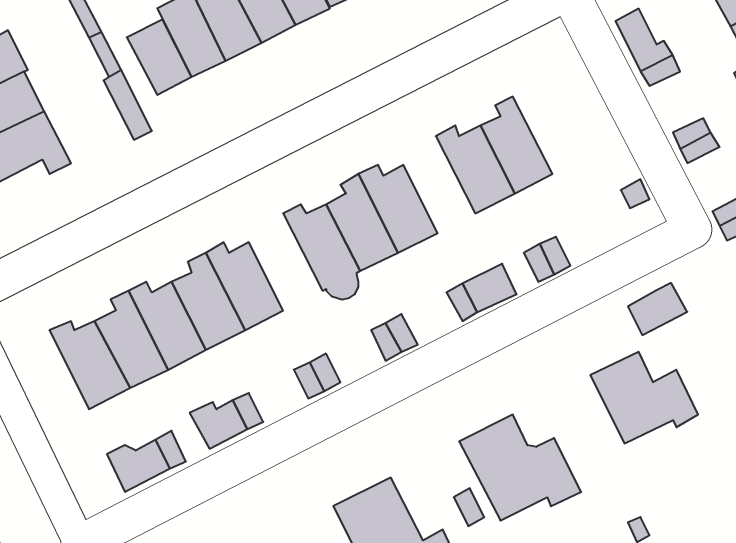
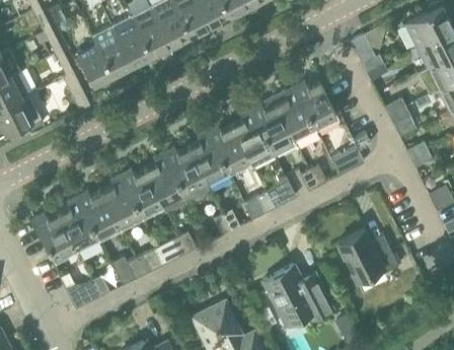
building: none -> [294,80,338,130]
building: none -> [232,109,273,163]
building: none -> [145,152,186,212]
building: [628,283,687,335] -> [331,146,365,176]

